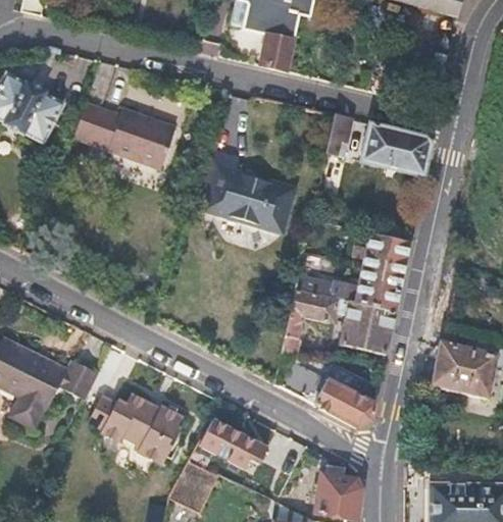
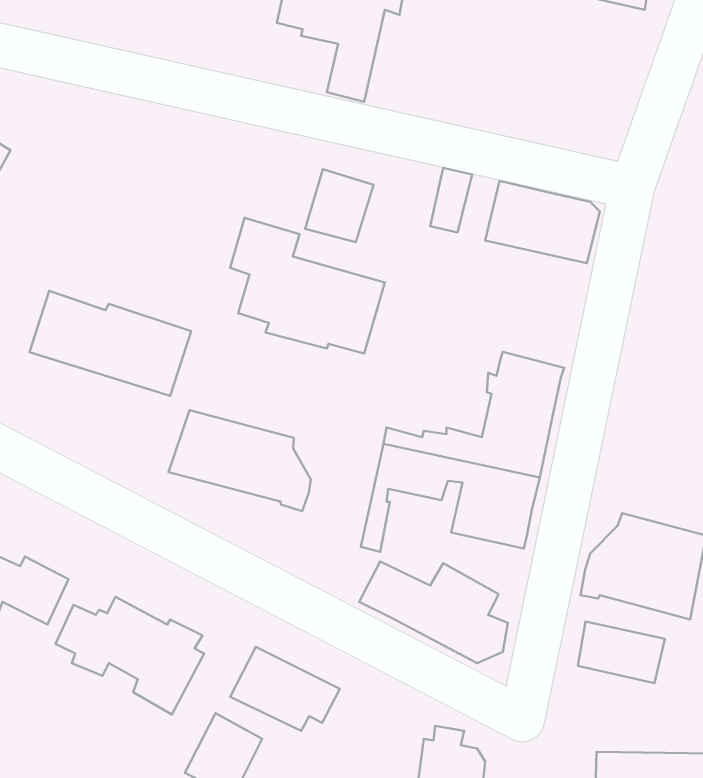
building: [70,103,172,169] -> [30,291,191,396]
building: none -> [305,169,374,242]
building: none -> [168,410,311,511]
building: none -> [578,622,665,683]

